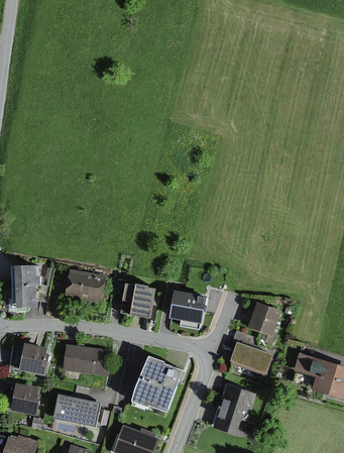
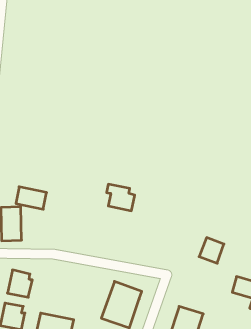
building: [74,271,111,299] -> [16,187,47,209]
building: [125,285,159,317] -> [107,184,135,211]
building: [170,292,204,323] -> none
building: [230,341,273,372] -> none
building: [63,345,110,374] -> none

